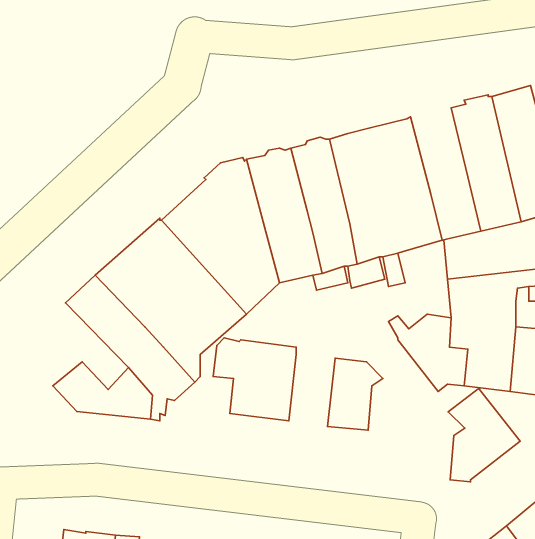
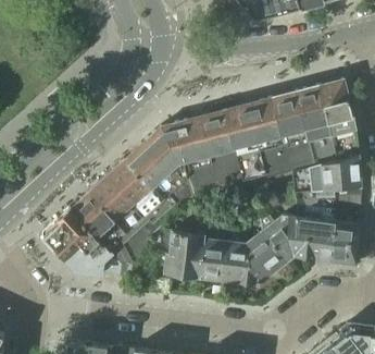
building: none -> [273,91,314,171]
building: none -> [45,208,107,259]
building: none -> [201,239,228,281]
building: [448,388,520,482] -> [247,229,289,284]

